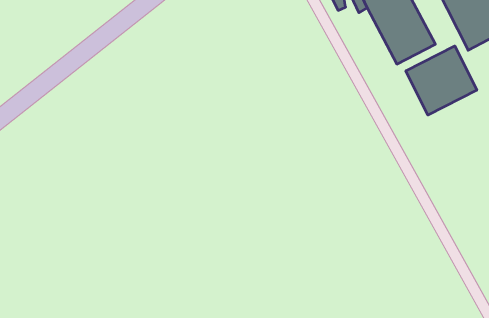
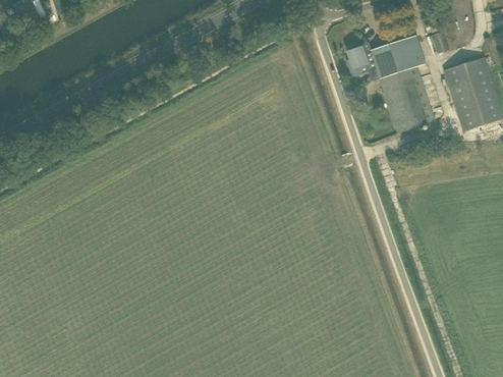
building: [406,46,477,115] -> none

